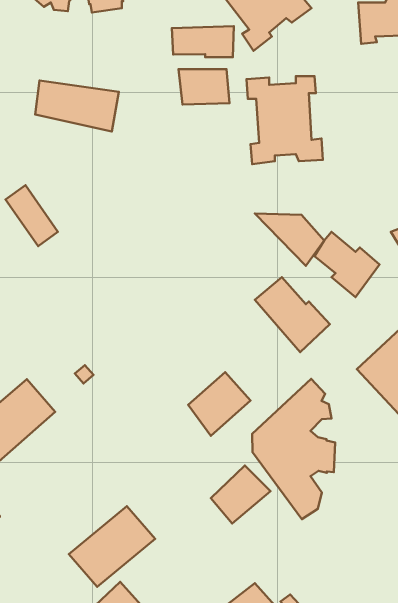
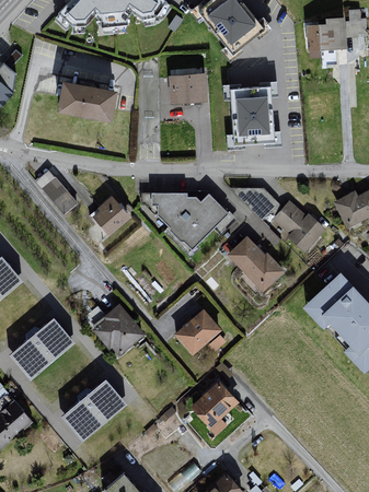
building: [172,26,234,57] -> none
building: none -> [139,189,235,251]
building: none -> [94,197,131,237]
building: none -> [92,306,143,358]
building: [252,379,335,519] -> none
building: [69,506,155,587] -> [57,377,124,440]

